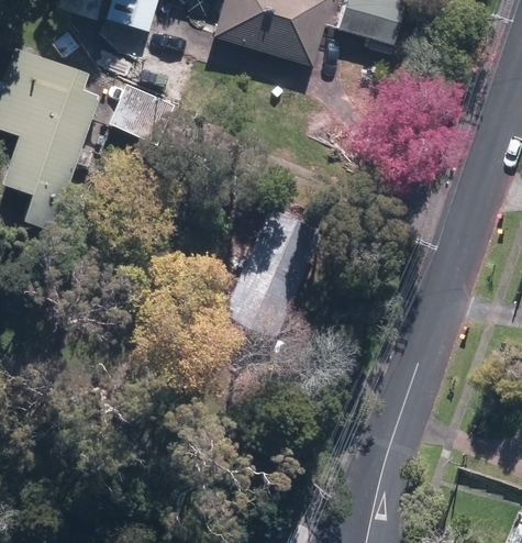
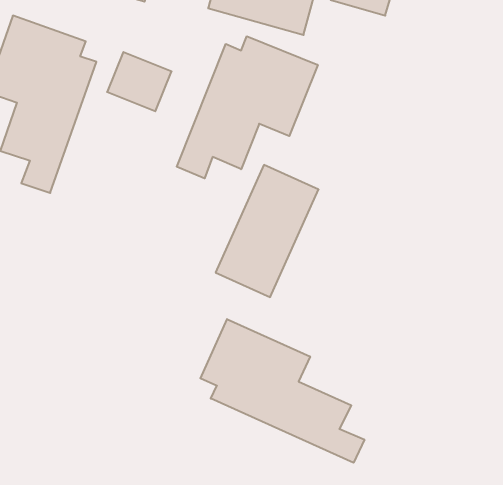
building: none -> [177,36,318,178]
building: none -> [200,319,364,463]

